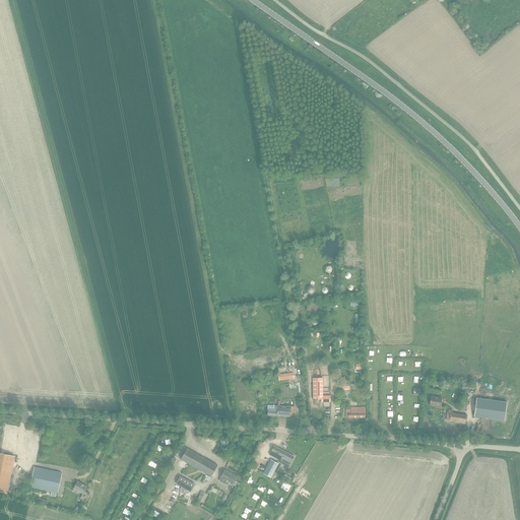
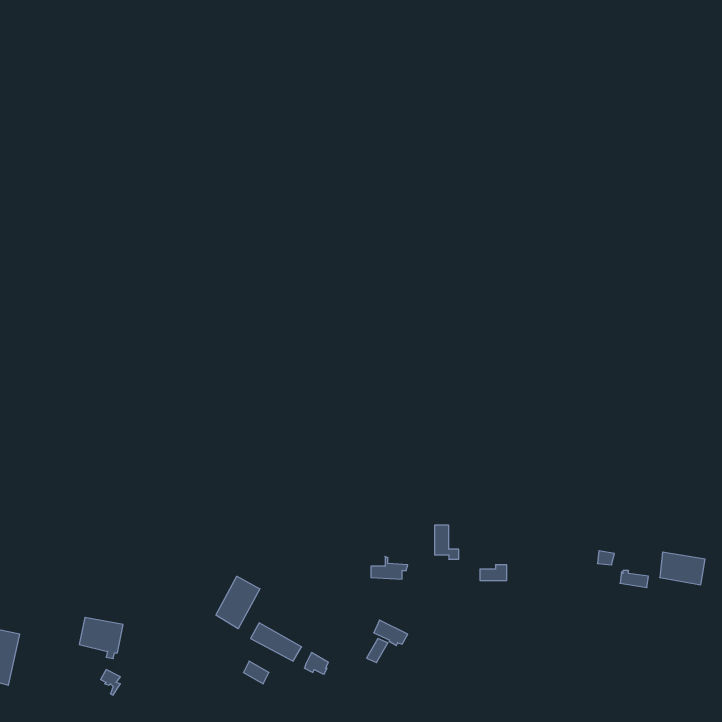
building: none -> [216,576,260,629]
building: [29,466,61,496] -> [79,617,123,659]

